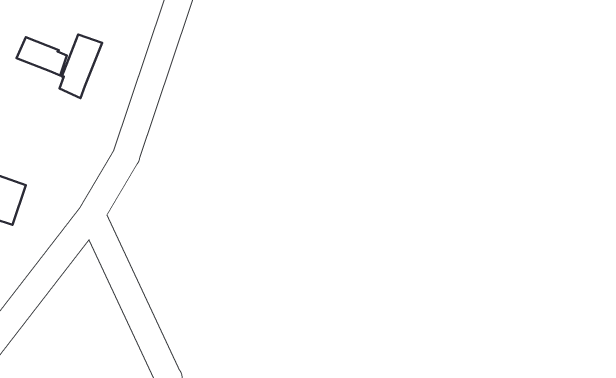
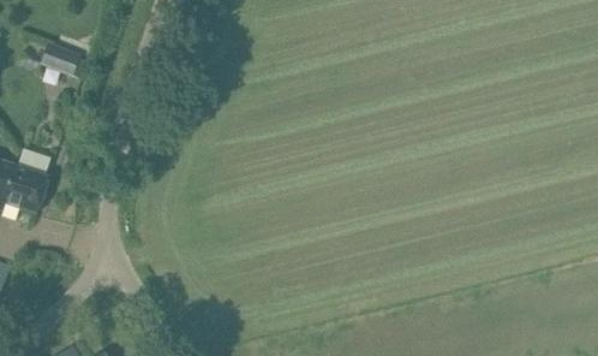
building: [59,34,102,98] -> none

